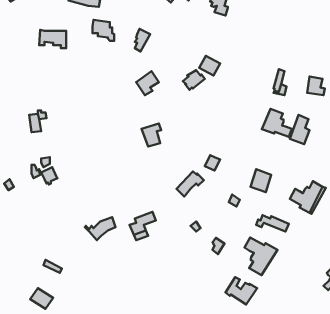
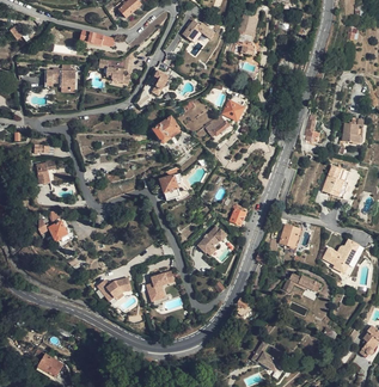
building: [262,109,292,137] -> none
building: [244,238,278,275] -> none

